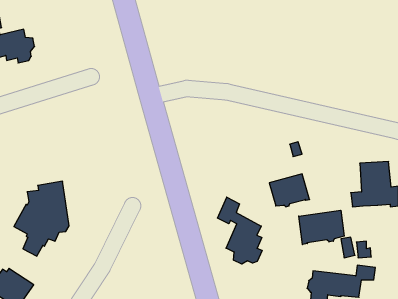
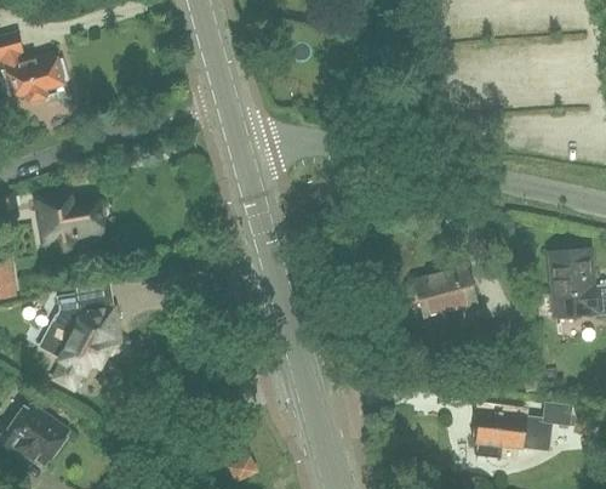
building: none -> [39,192,99,249]
building: [217,197,262,264] -> none
building: [299,210,344,245] -> none

